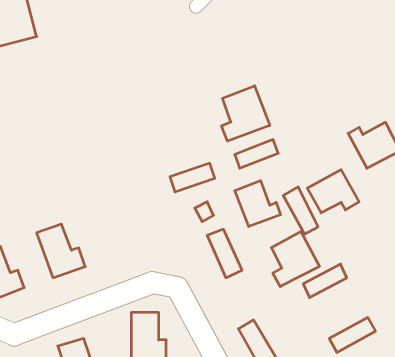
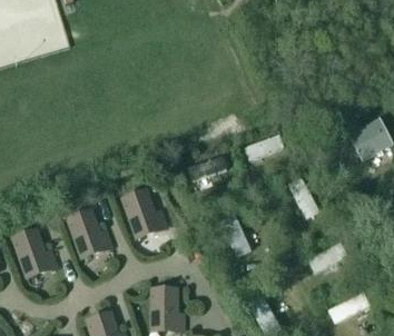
building: [222,86,270,141] -> none
building: [307,170,359,213] -> none
building: [235,181,281,227] -> none
building: none -> [122,190,167,238]
building: [271,232,319,287] -> none

